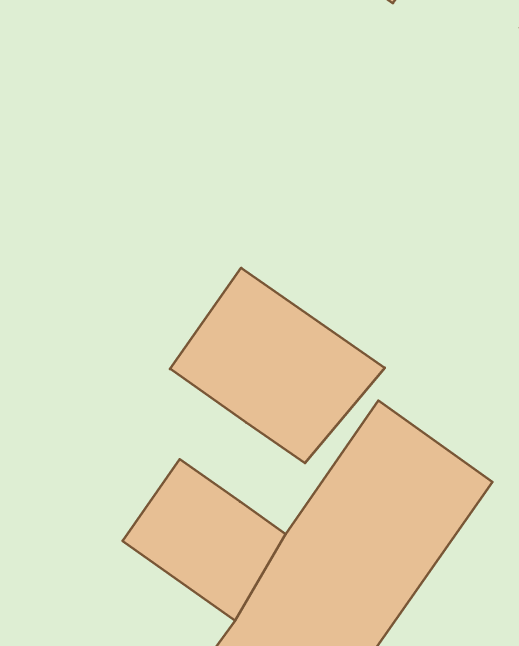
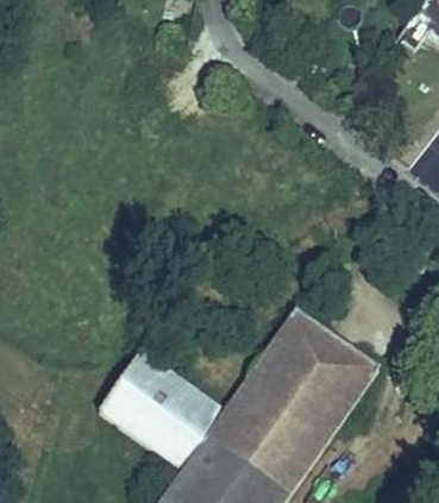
building: [170,268,385,463] -> none

